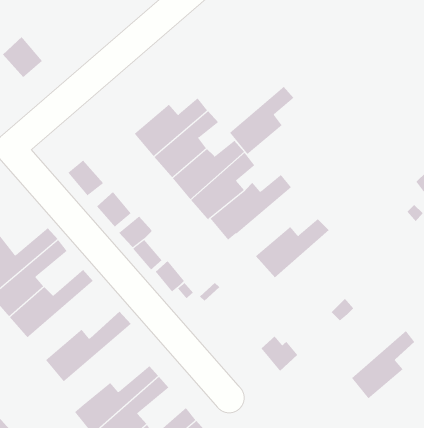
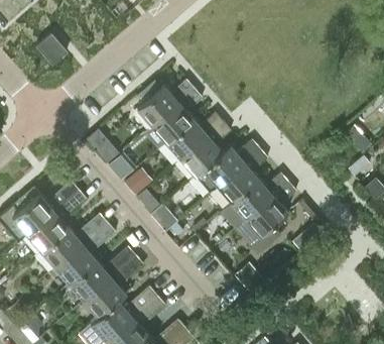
building: [229,86,294,155] -> [217,150,267,204]
building: none -> [54,223,114,284]
building: none -> [83,256,144,319]
building: [351,330,415,399] -> [246,184,295,237]

